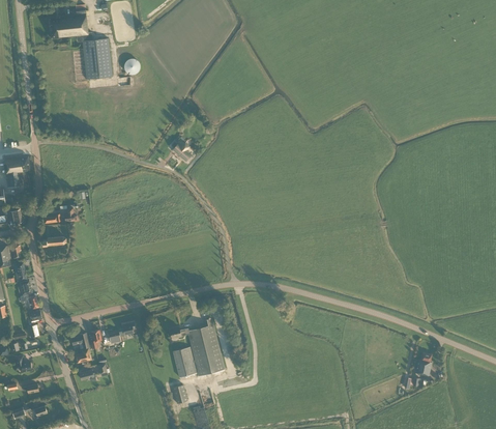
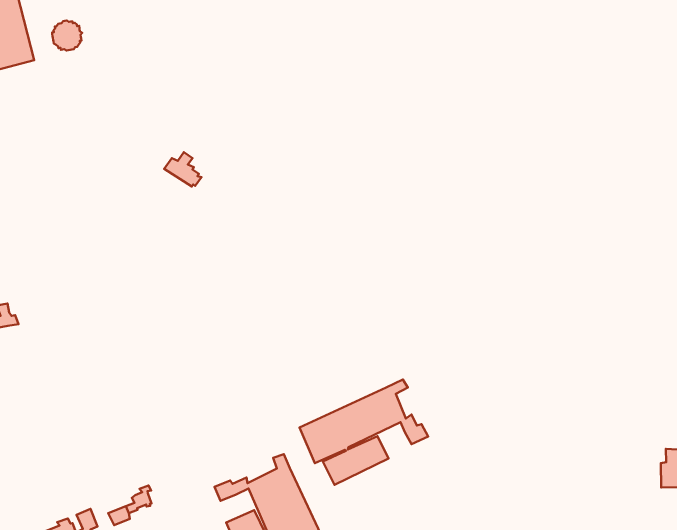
building: none -> [299,380,428,485]

